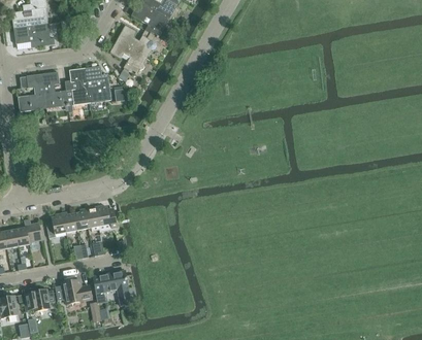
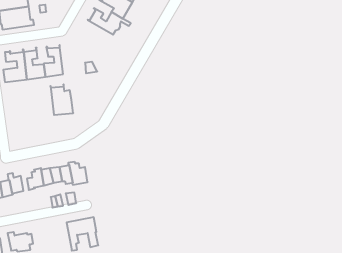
building: [109,37,148,74] -> none
building: [85,65,111,101] -> [50,84,73,115]
building: [55,278,92,303] -> none

